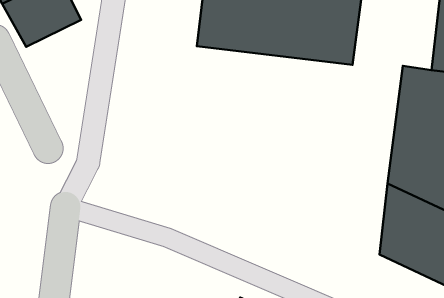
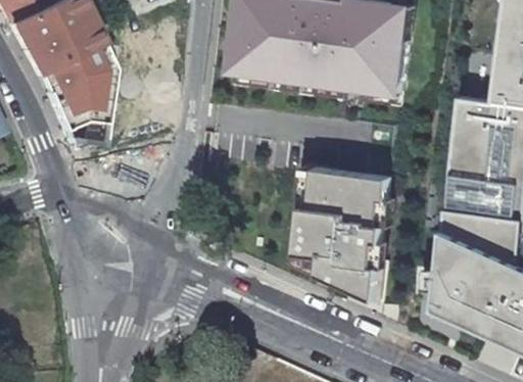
building: none -> [32,39,108,143]
building: none -> [291,169,392,304]

